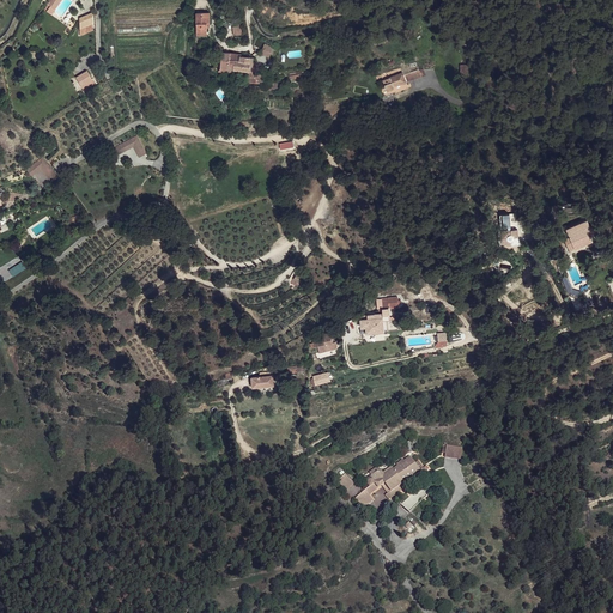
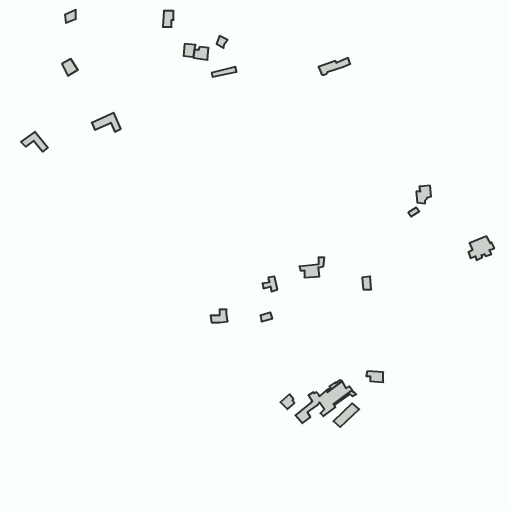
building: [564,220,595,249] -> [468,236,494,260]

